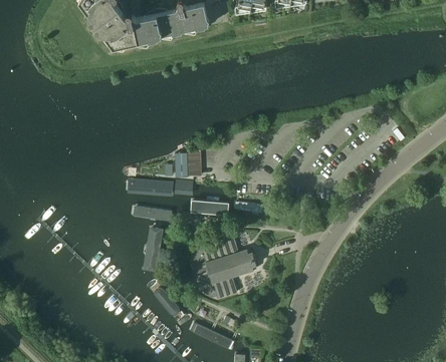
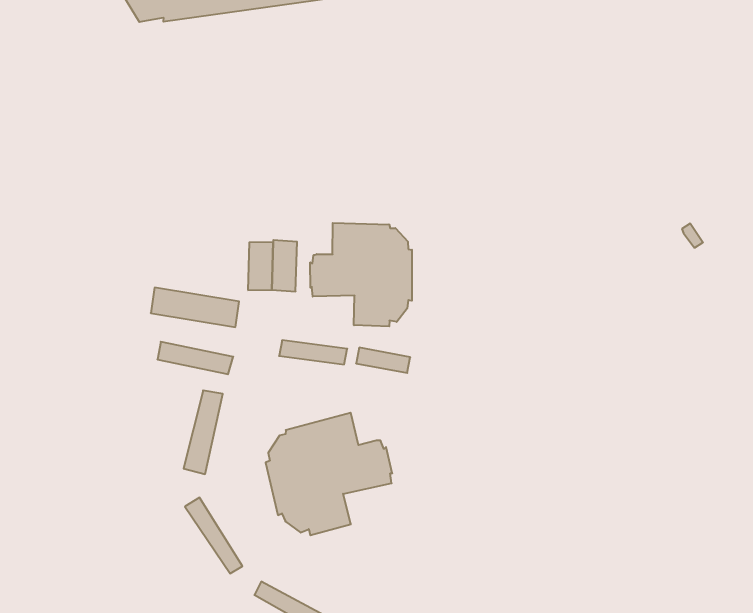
building: none -> [310,223,412,326]

